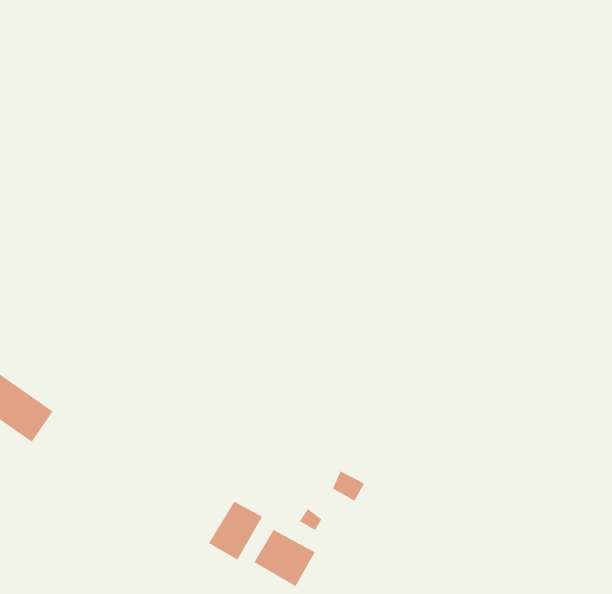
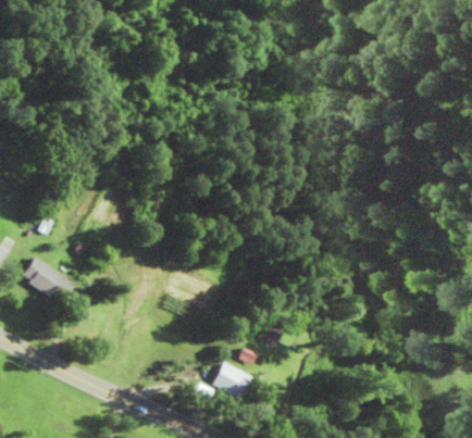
building: [208,501,263,561] -> none

